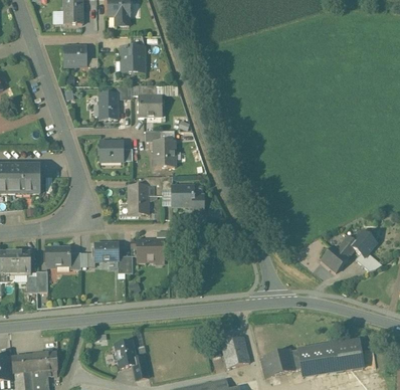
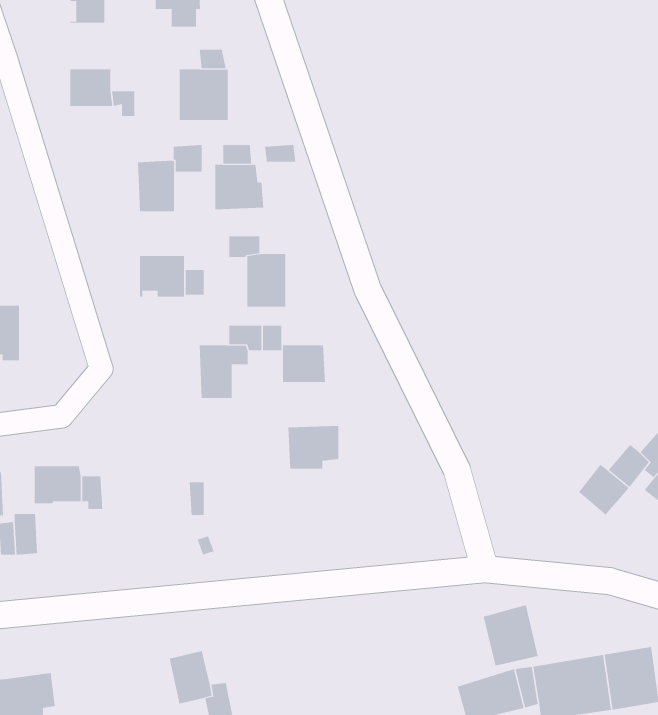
building: [137,239,163,261] -> [288,425,339,469]
building: [94,243,120,261] -> none
building: [221,336,249,367] -> [483,605,539,666]

